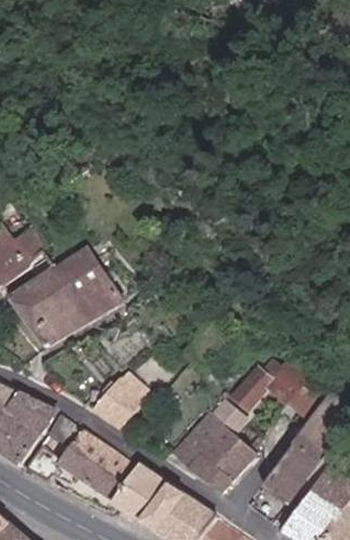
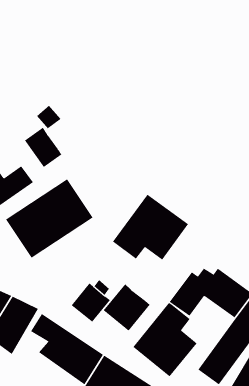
building: none -> [24,127,62,168]
building: none -> [112,194,189,260]
building: none -> [103,284,150,332]

